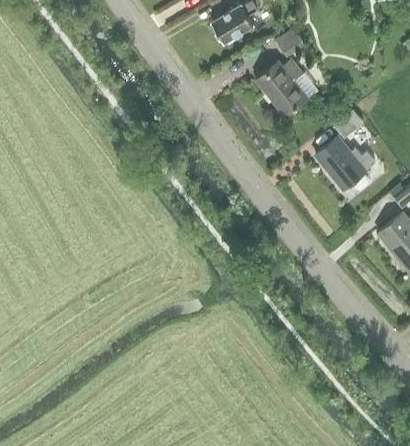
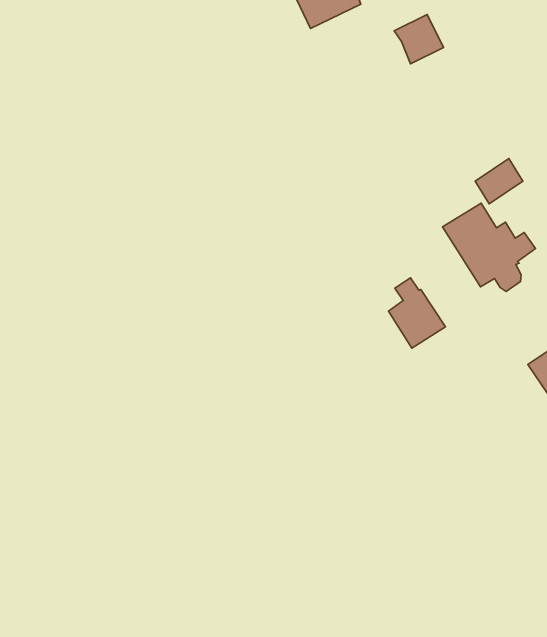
building: [254,59,308,116] -> none
building: none -> [389,278,446,348]

